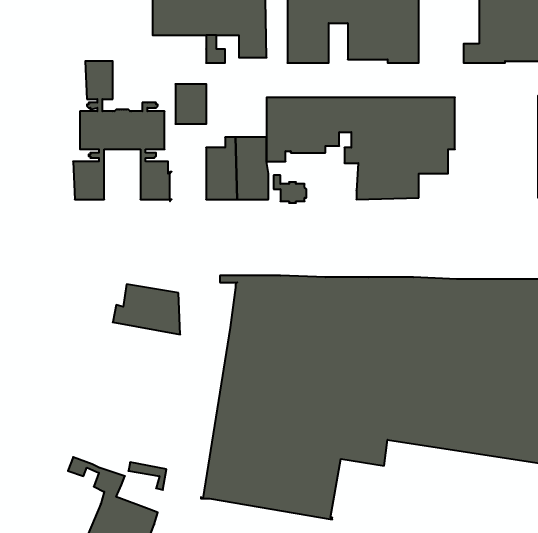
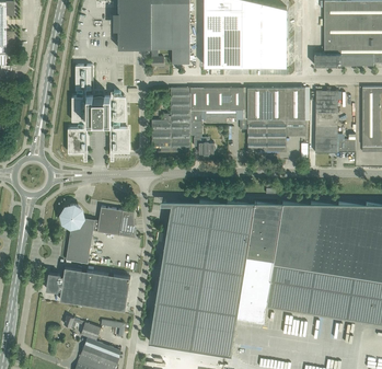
building: [175,84,206,124] -> [171,89,190,114]
building: none -> [315,91,356,153]
building: none -> [62,206,95,264]
building: none -> [47,267,130,311]

